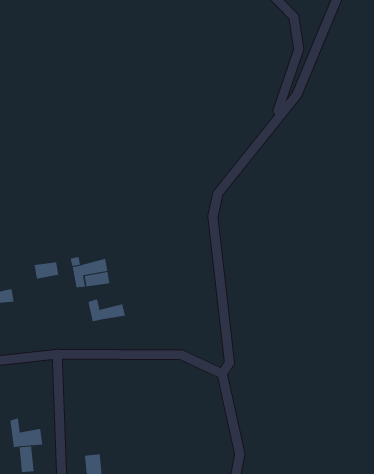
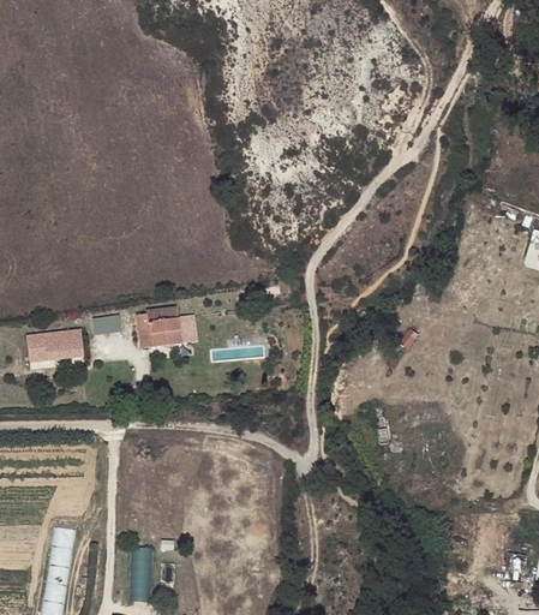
building: [88,298,126,322] -> none
building: [10,417,43,448] -> none

